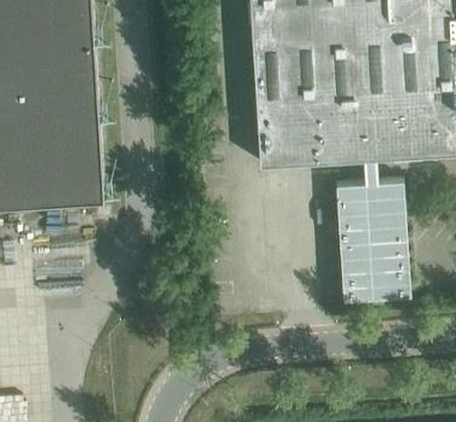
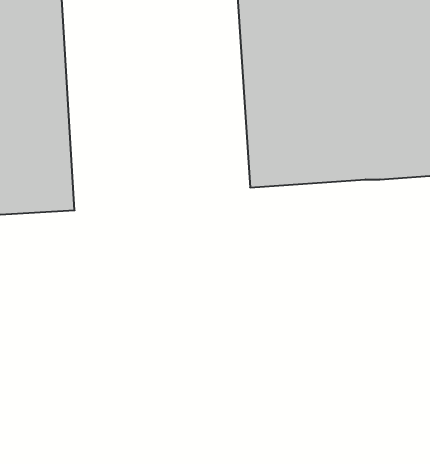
building: [336,164,410,305] -> none

